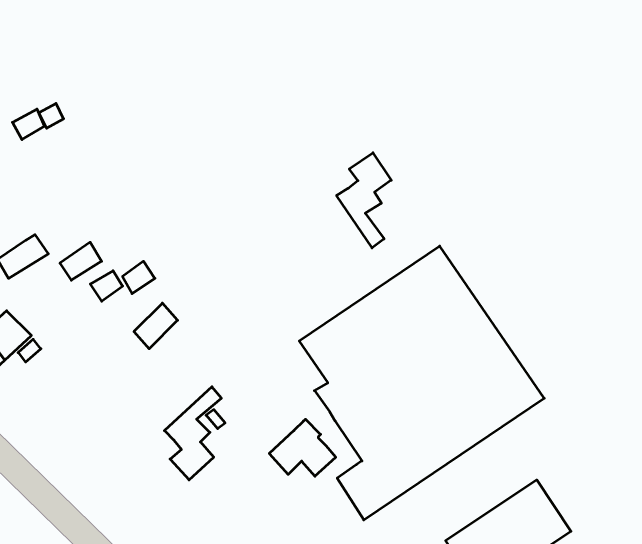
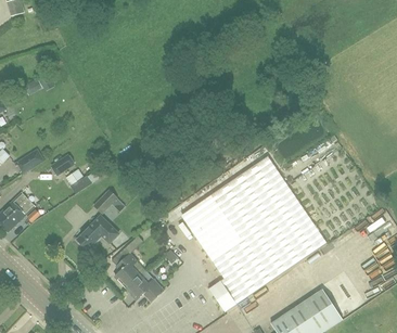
building: [337,153,391,248] -> none
building: none -> [76,216,118,248]
building: [269,419,336,476] -> [124,269,162,302]

